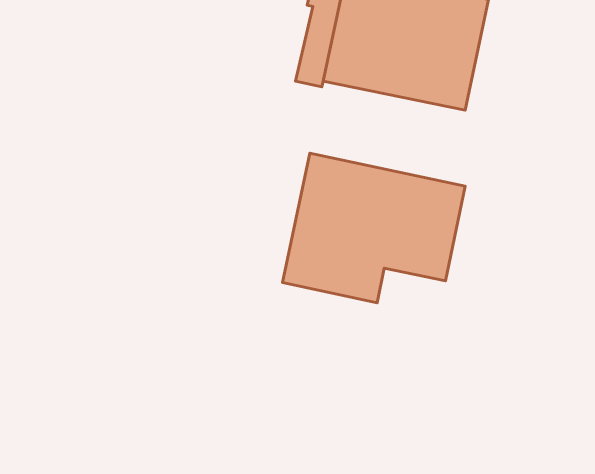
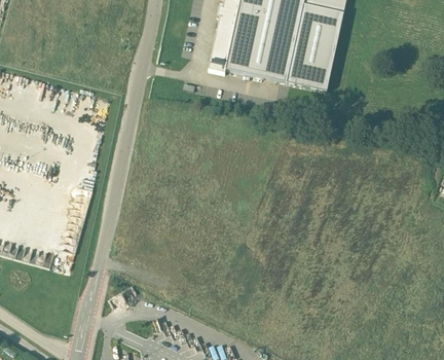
building: [283,153,465,303] -> none

